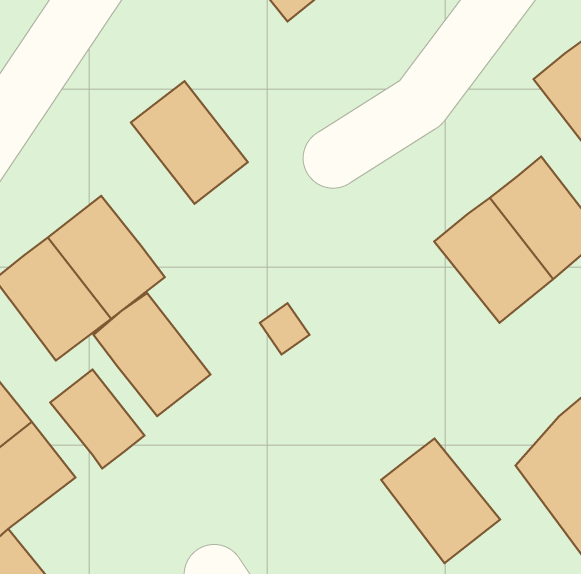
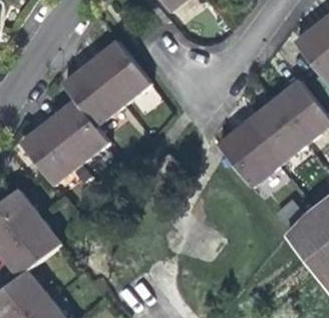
building: [94,293,211,416] -> [63,64,122,126]
building: [50,369,144,469] -> none
building: [381,438,500,563] -> [217,124,277,188]

